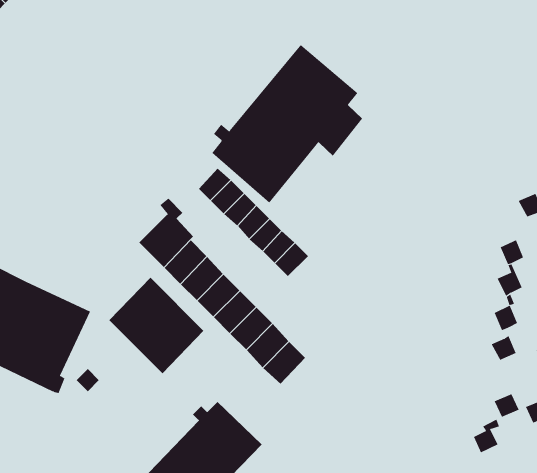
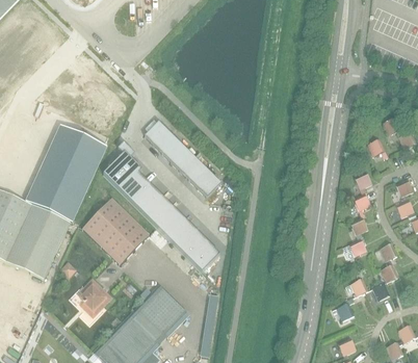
building: [211,44,363,203] -> none
building: none -> [25,126,106,222]
building: none -> [79,278,112,316]

